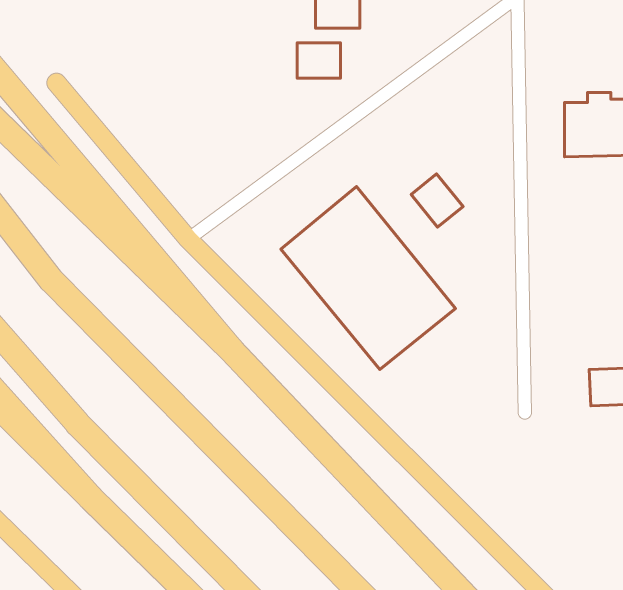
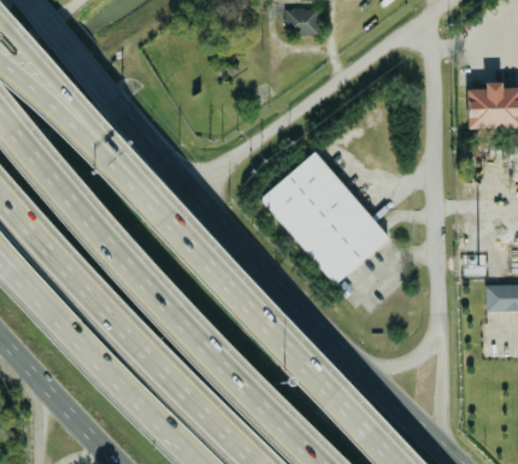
building: [297,43,340,78] -> none
building: [411,174,463,227] -> none

